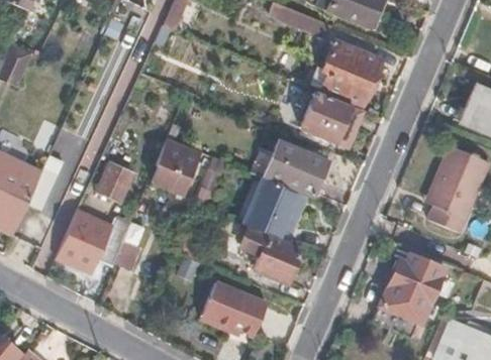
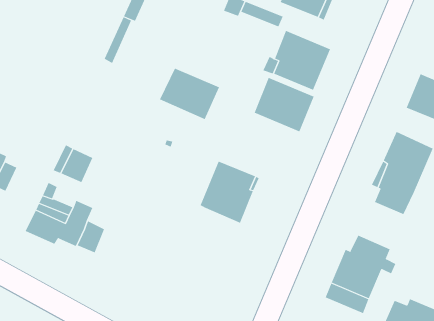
building: [264,140,327,195] -> [159,68,220,120]
building: [152,147,197,194] -> none
building: [252,234,301,282] -> none
building: [198,278,265,332] -> none

